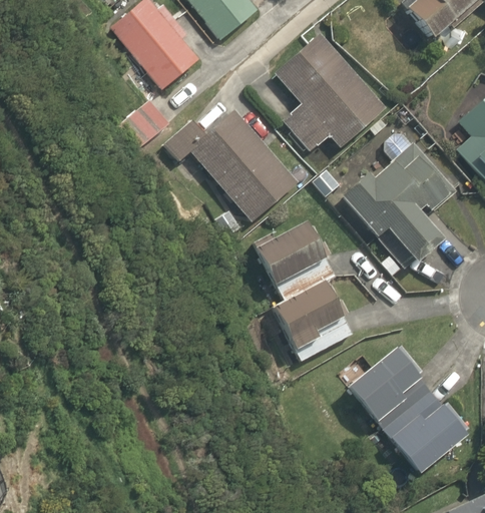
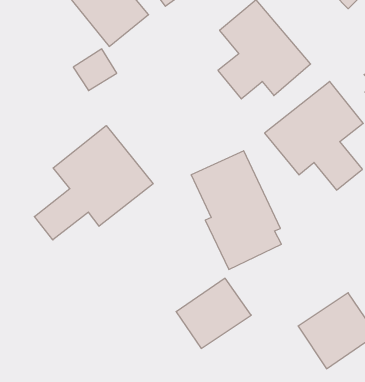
building: [148,107,296,222] -> none
building: none -> [34,126,153,240]
building: [347,343,437,427] -> [176,278,251,348]

